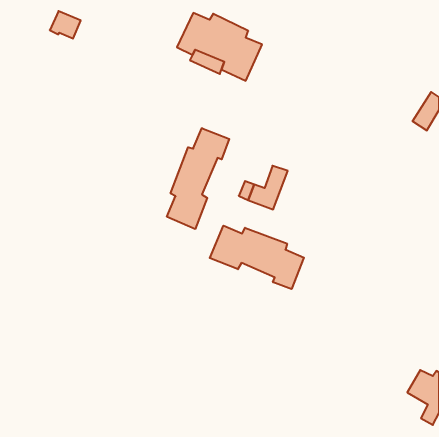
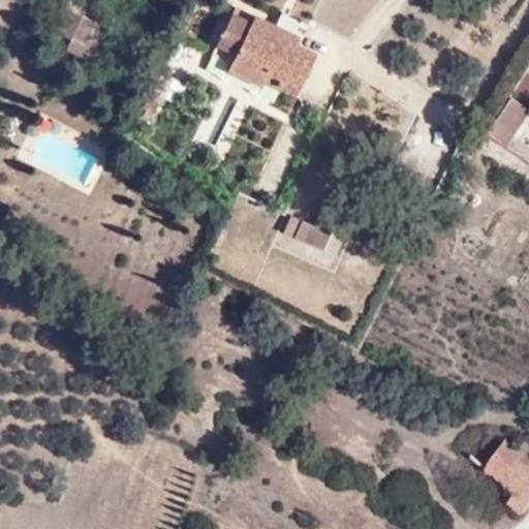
building: [167,128,229,229] -> none
building: [210,226,304,289] -> none

